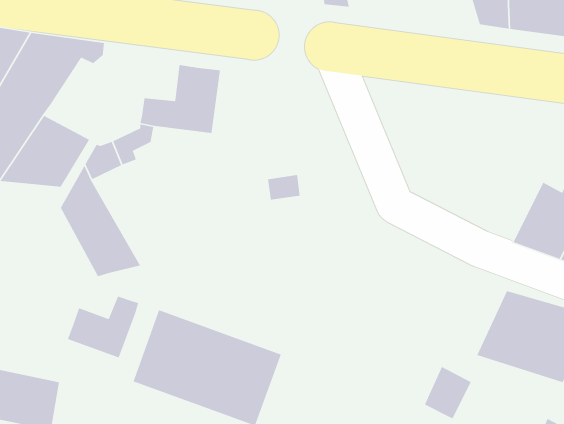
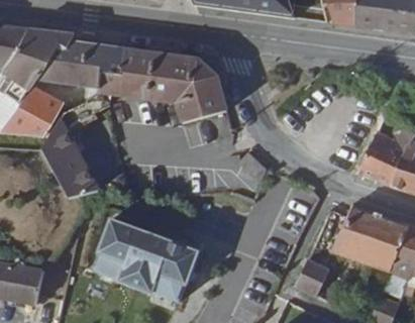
building: none -> [37,43,126,86]
building: none -> [149,53,228,123]
building: [67,295,139,358] -> none

